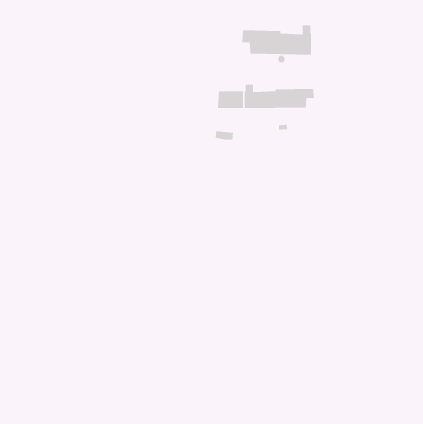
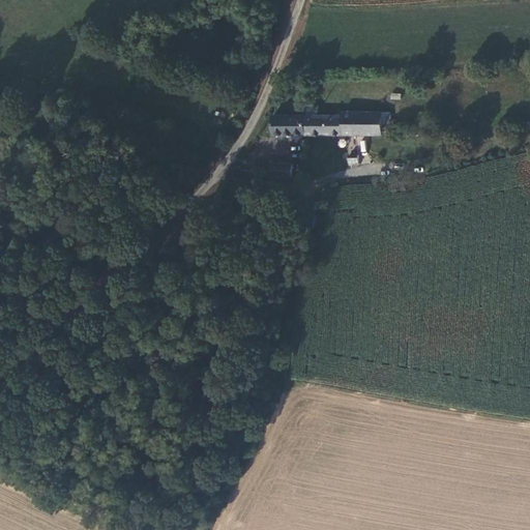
building: [241,24,312,55] -> none

